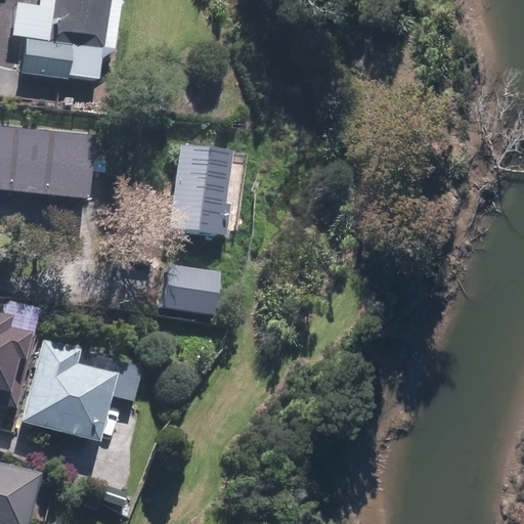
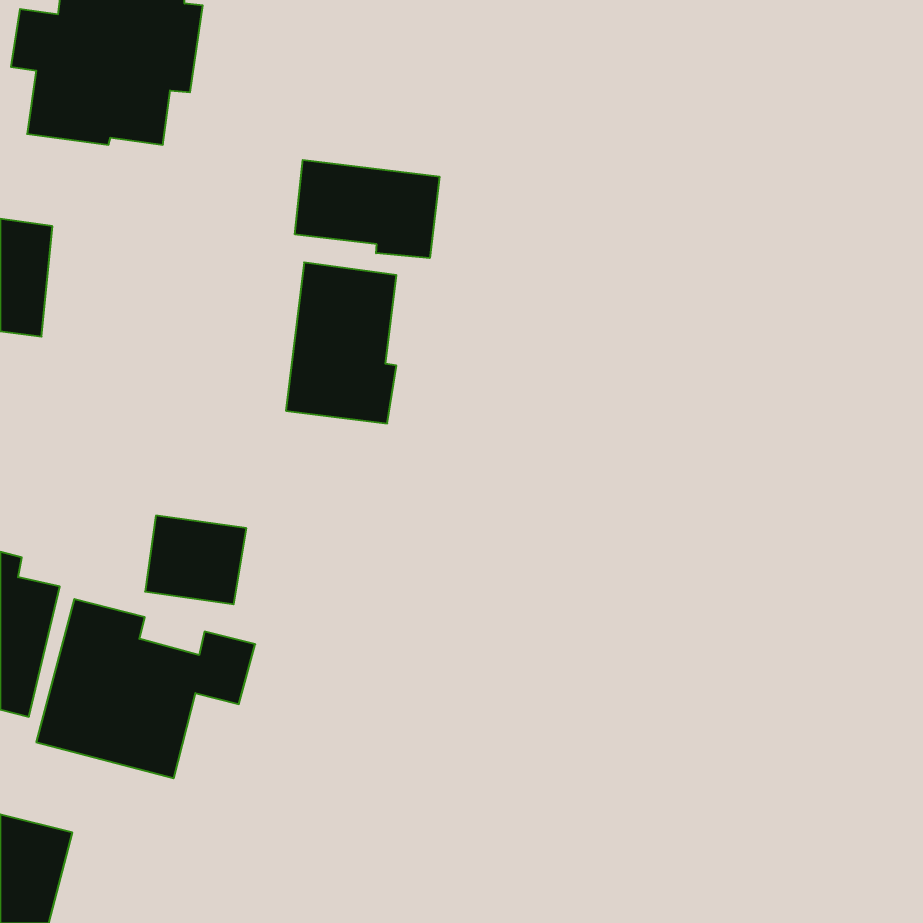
building: none -> [295,160,439,258]
building: [25,128,97,196] -> none
building: [159,266,216,316] -> [145,516,246,604]

